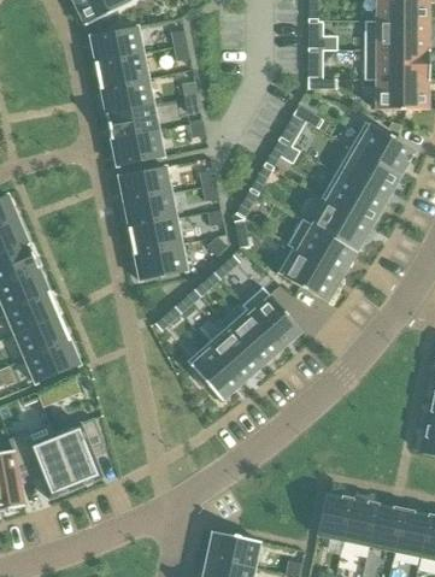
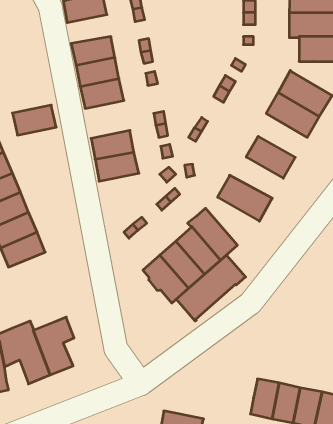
building: [95,53,148,88] -> none
building: [118,166,171,202] -> [12,105,56,135]
building: [321,172,386,225] -> none
building: [287,218,357,275] -> none
building: [134,245,187,281] -> none
building: [24,340,80,383] -> none
building: none -> [176,255,246,321]

